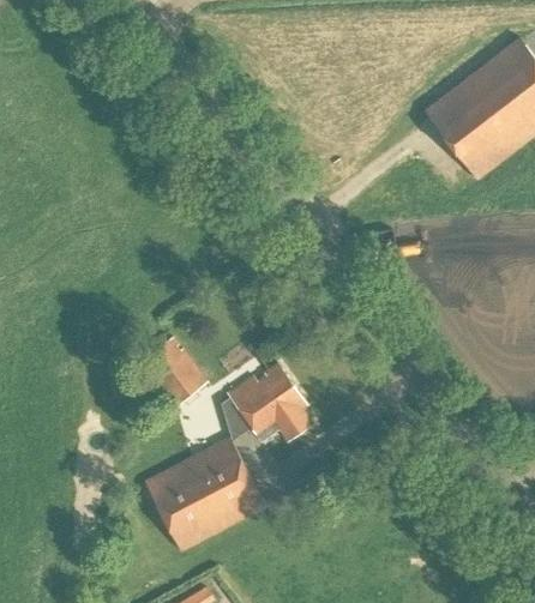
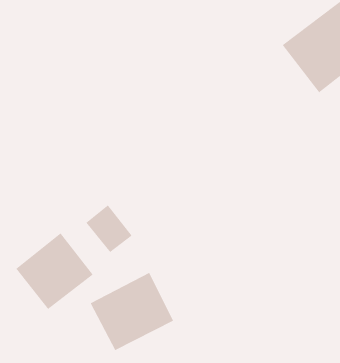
building: [229,363,314,442] -> none
building: none -> [15,233,93,310]

